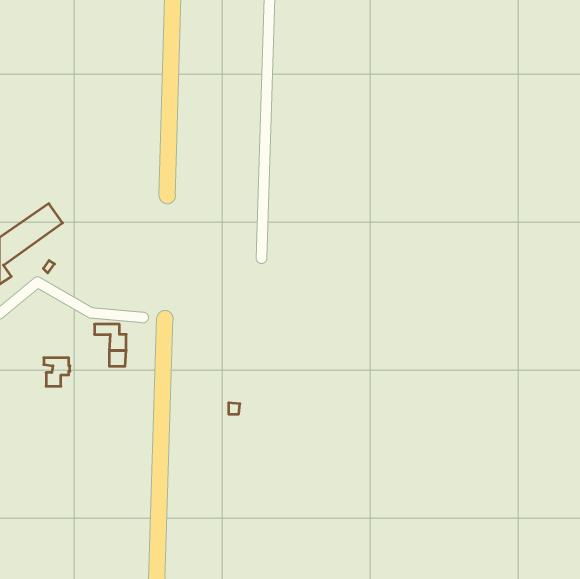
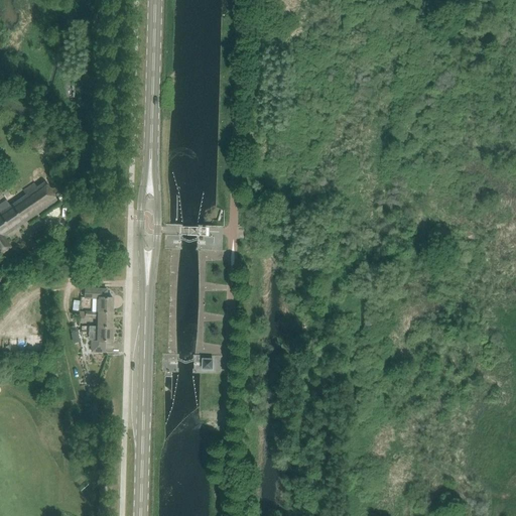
building: [44,358,70,386] -> [89,325,112,350]

